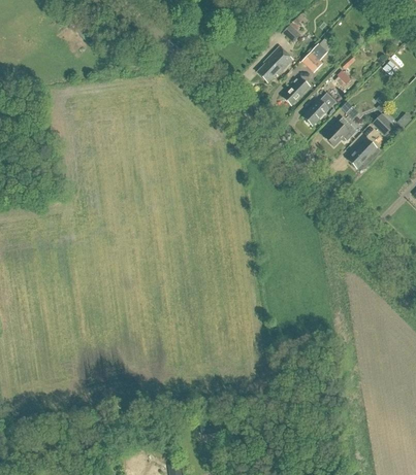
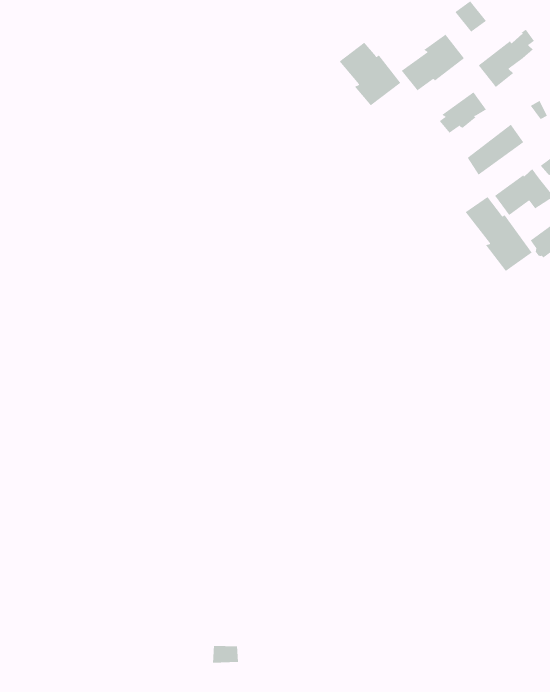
building: none -> [339,42,401,106]
building: none -> [465,196,533,272]

